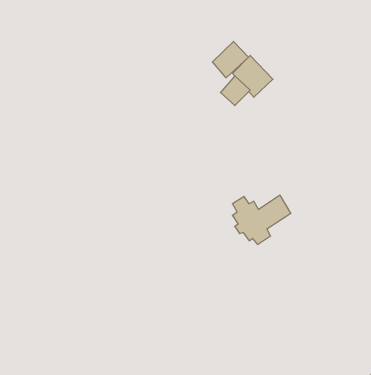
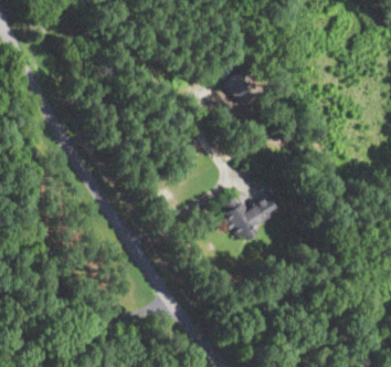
building: [212,41,248,78] -> none

